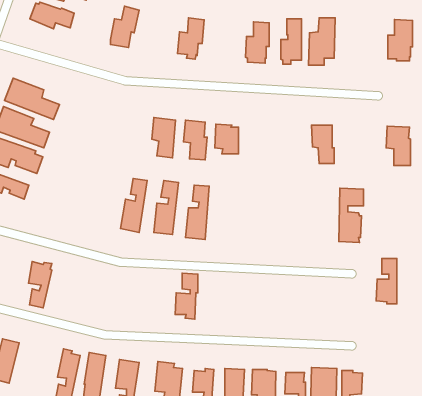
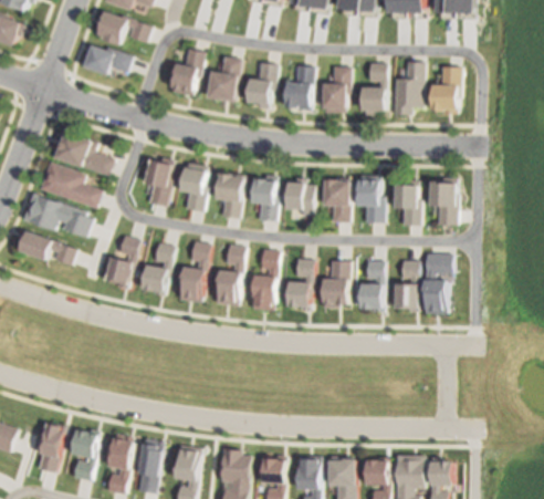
building: none -> [206,56,238,103]
building: [388,19,412,61] -> [430,66,458,113]
building: none -> [283,65,311,111]
building: none -> [143,158,170,207]
building: none -> [180,163,206,212]
building: none -> [357,176,385,222]
building: none -> [324,180,351,222]
building: [386,126,411,166] -> [430,180,458,225]
building: none -> [106,236,140,289]
building: none -> [145,243,175,295]
building: none -> [325,261,351,306]
building: none -> [363,261,385,312]
building: [376,258,397,304] -> [396,260,419,311]
building: [28,261,52,308] -> [73,429,100,481]
building: [175,273,198,319] -> [290,259,315,311]

